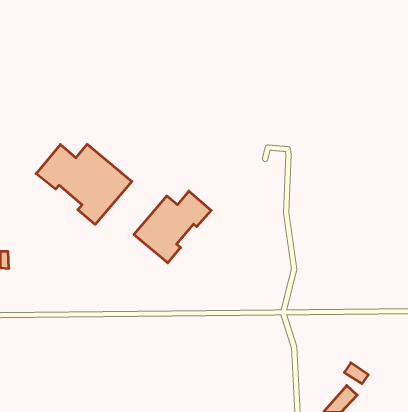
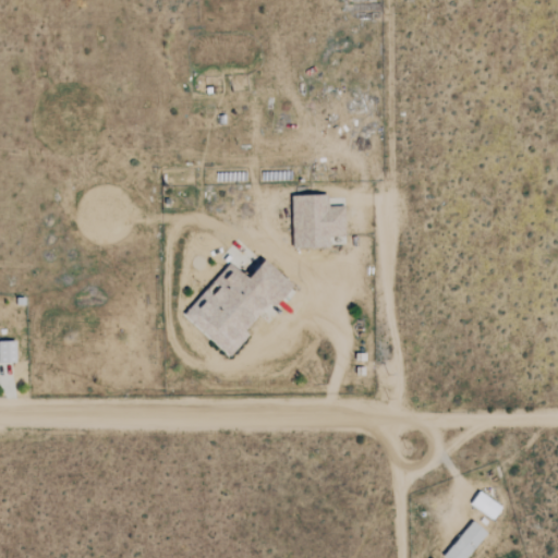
building: none -> [291,194,347,247]
building: [36,144,132,224] -> none

